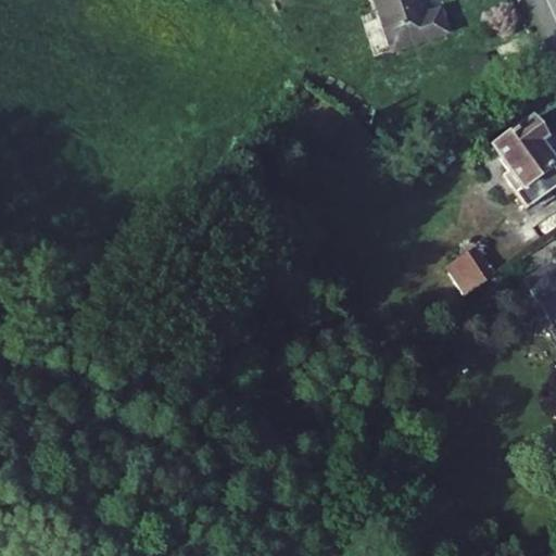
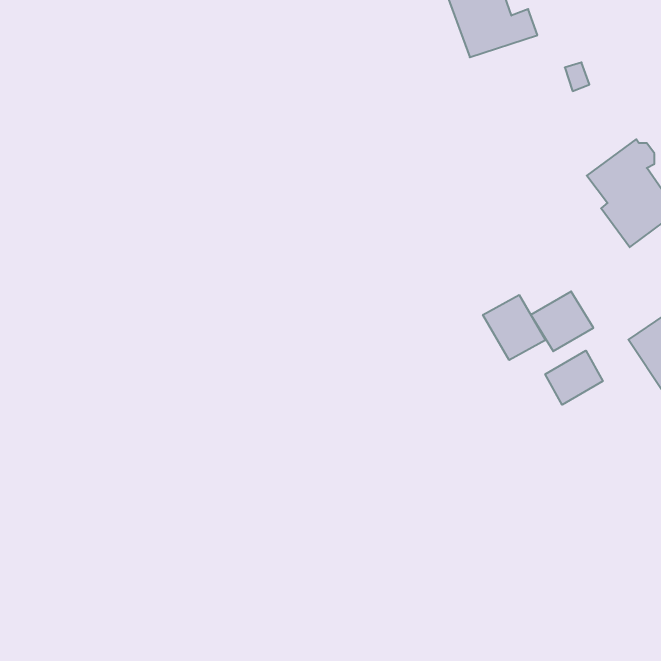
building: none -> [483,295,545,360]
building: none -> [545,351,603,405]

